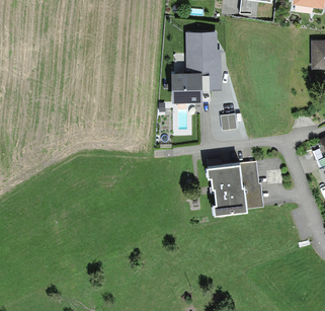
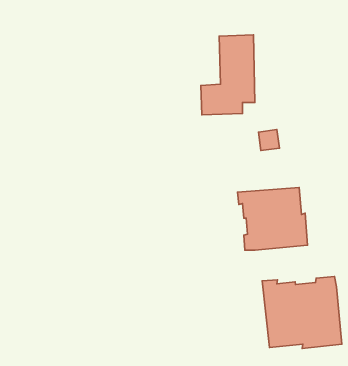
building: none -> [262,276,342,348]

